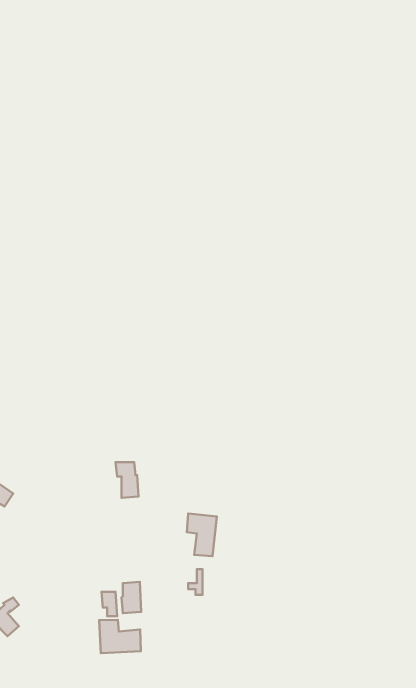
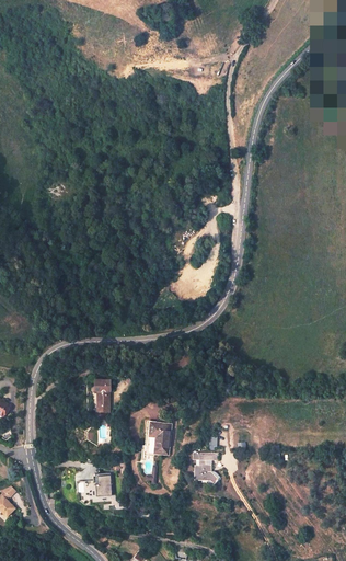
building: none -> [189,450,218,481]
building: [99,620,141,653] -> none

